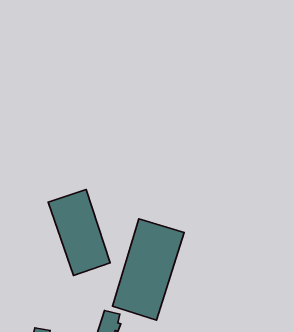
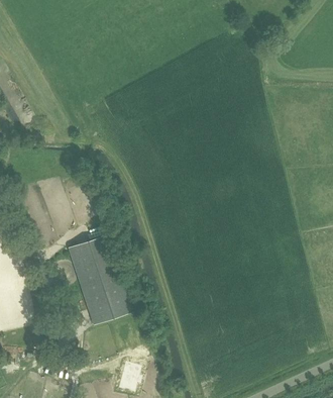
building: [112,219,184,320] -> none

